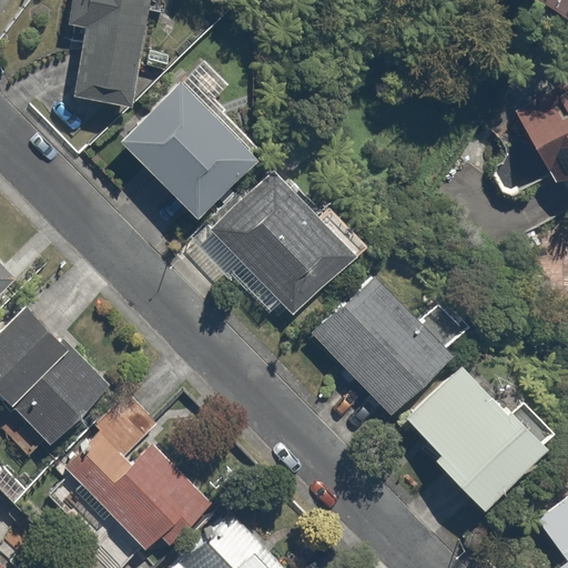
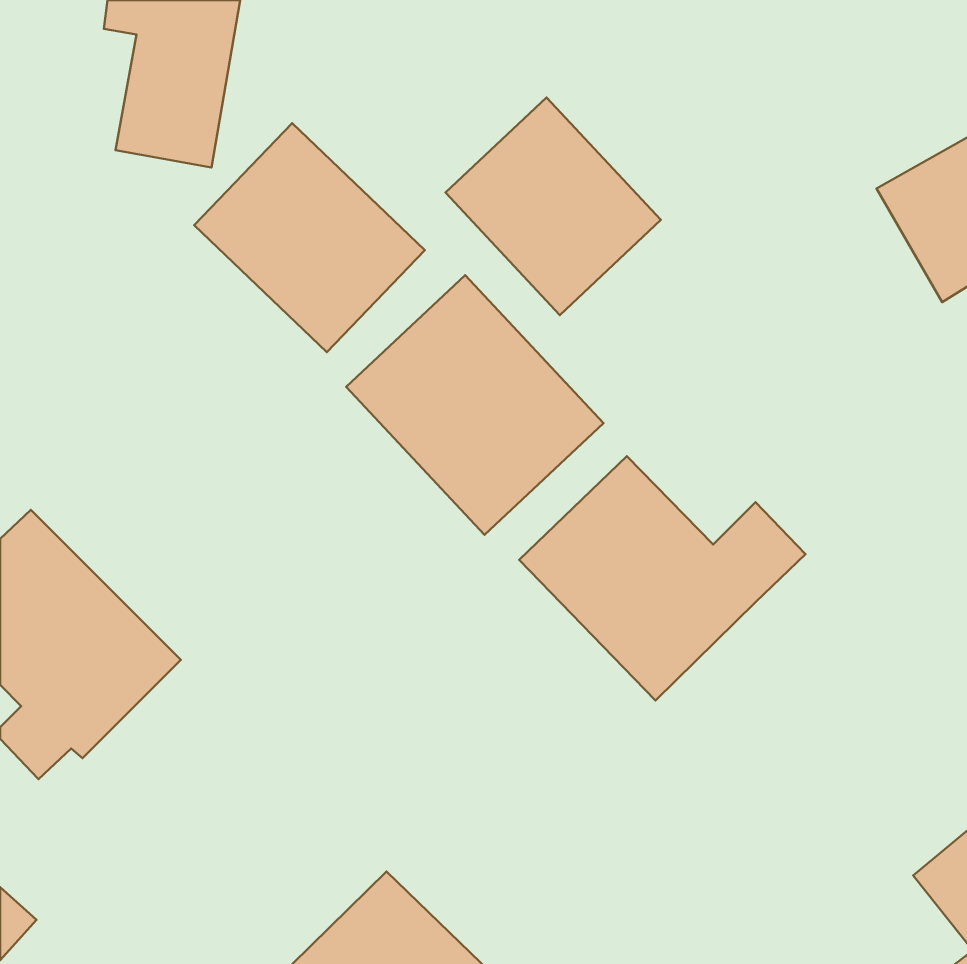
building: none -> [445,97,661,315]
building: [410,366,546,505] -> none
building: [64,397,217,557] -> none

